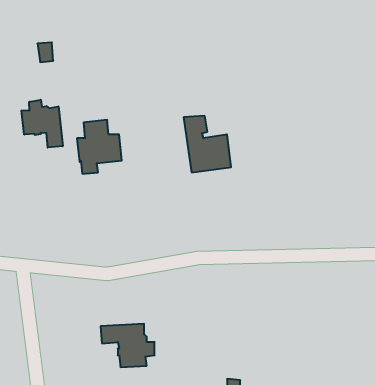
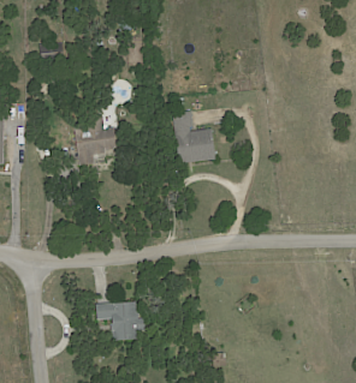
building: [21,100,63,148] -> none

